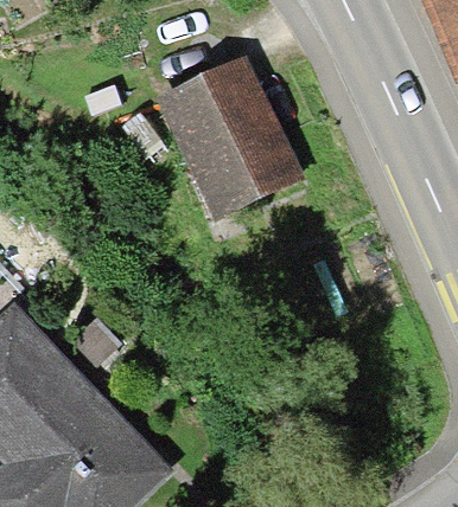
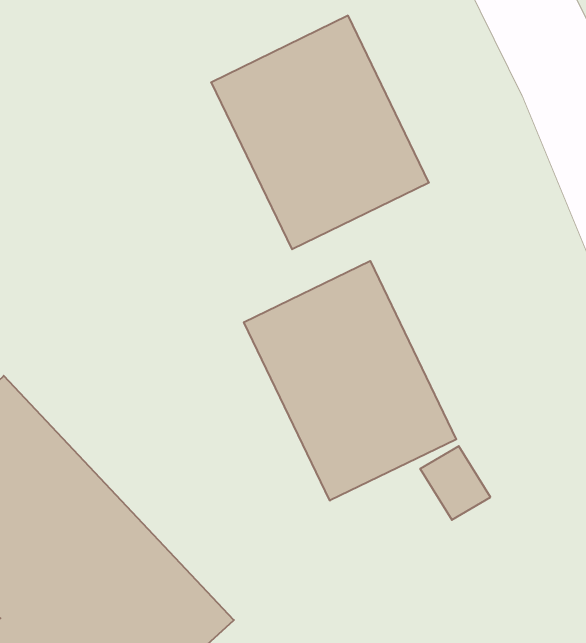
building: none -> [244,261,456,501]

